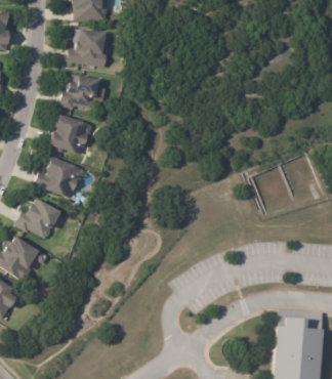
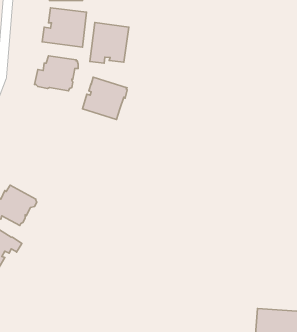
building: none -> [90,22,129,63]
building: [48,113,91,154] -> [83,77,127,120]
building: [32,156,82,198] -> none

